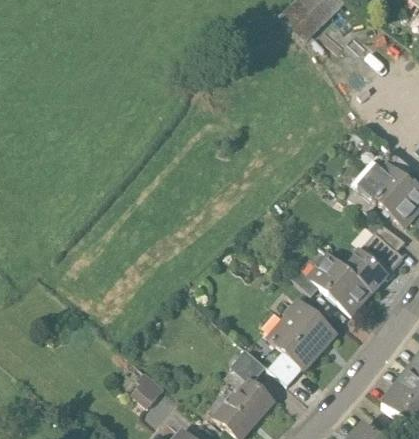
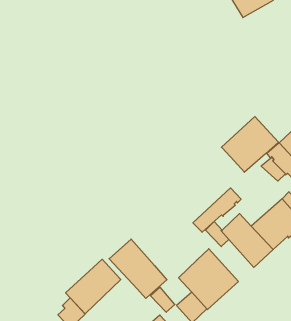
building: none -> [221,117,279,172]
building: none -> [193,188,241,232]
building: none -> [109,239,167,298]
building: none -> [66,259,121,314]

